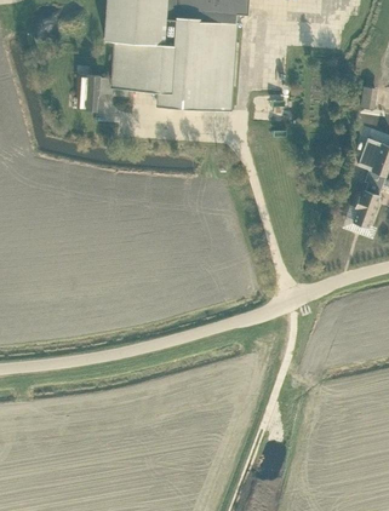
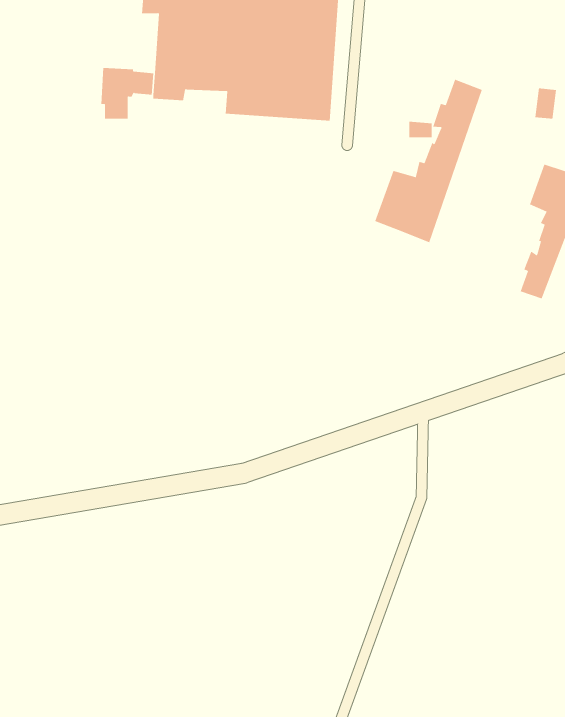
building: none -> [375,79,482,243]

